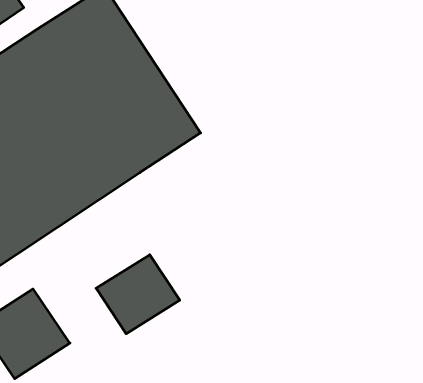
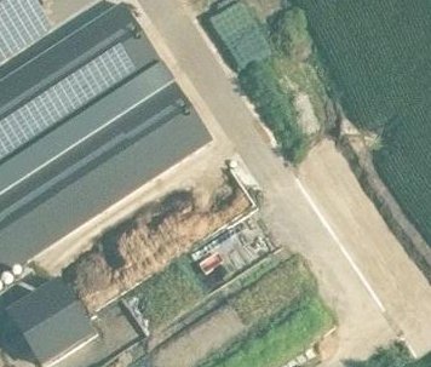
building: [96,255,180,334] -> none

